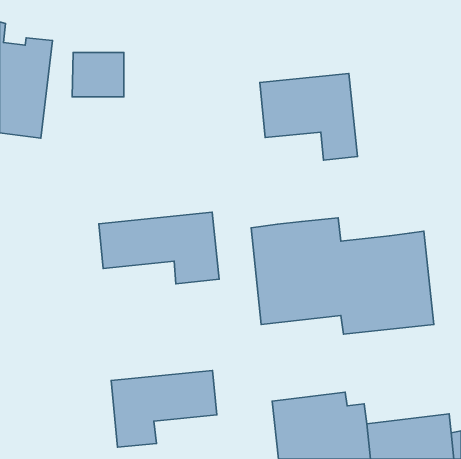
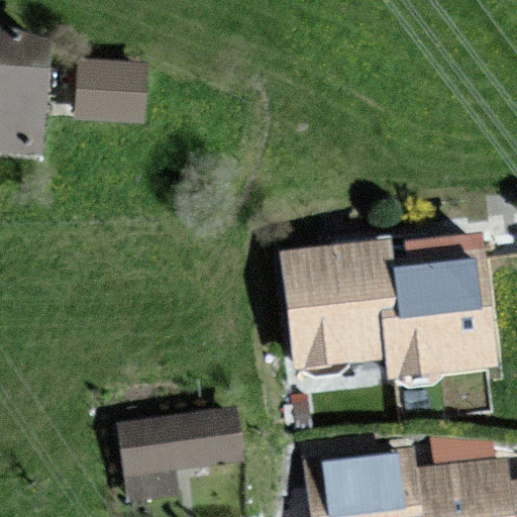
building: [260,73,358,160] -> none
building: [99,212,219,284] -> none

